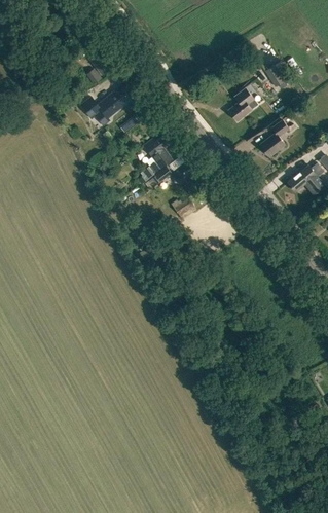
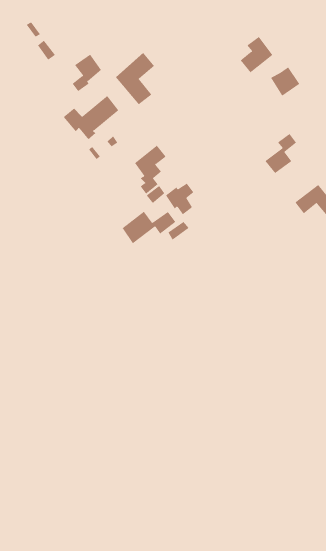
building: none -> [115,52,155,105]
building: [228,88,258,121] -> [240,36,273,73]
building: none -> [122,211,176,244]

